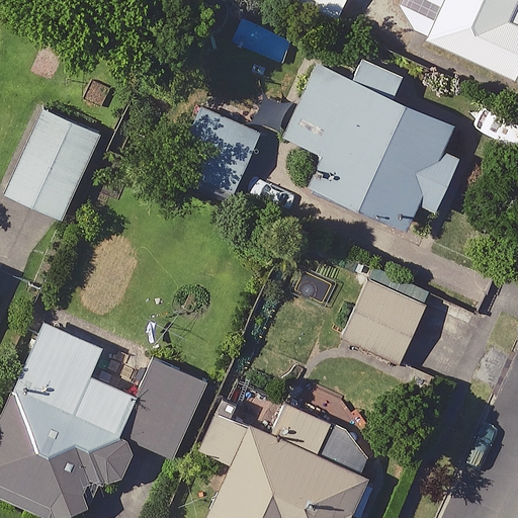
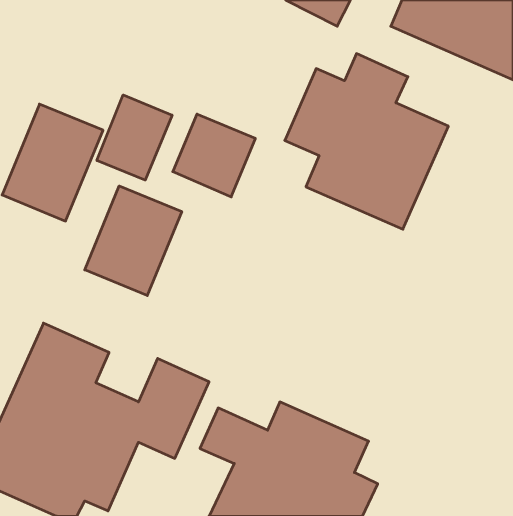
building: none -> [97,95,172,180]
building: none -> [85,186,182,296]
building: [342,278,427,363] -> none

